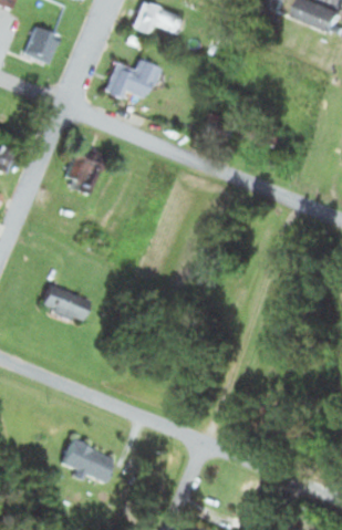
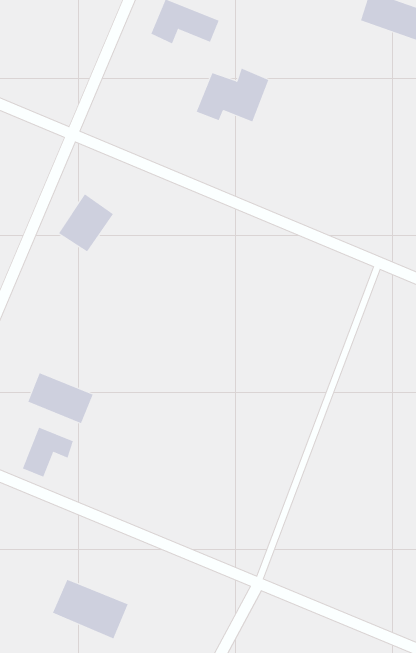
building: [27,25,61,63] -> none
building: [104,59,159,100] -> [196,68,269,122]
building: none -> [22,427,74,477]

